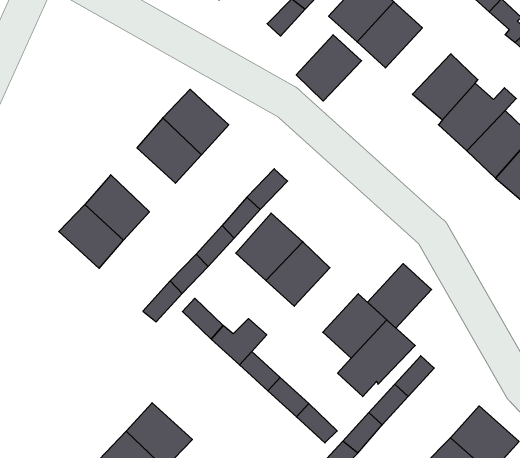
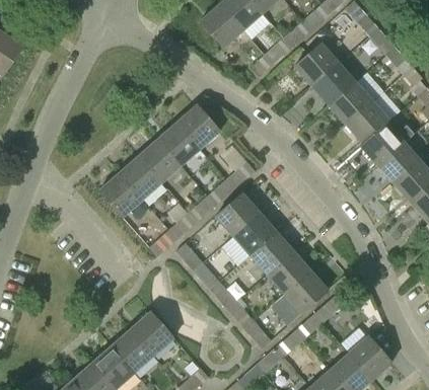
building: [296,35,362,101] -> [329,79,373,123]
building: none -> [138,140,181,183]
building: [368,264,432,328] -> [252,233,295,276]

